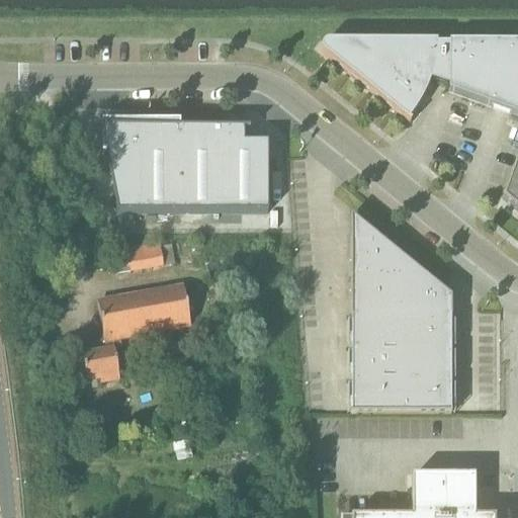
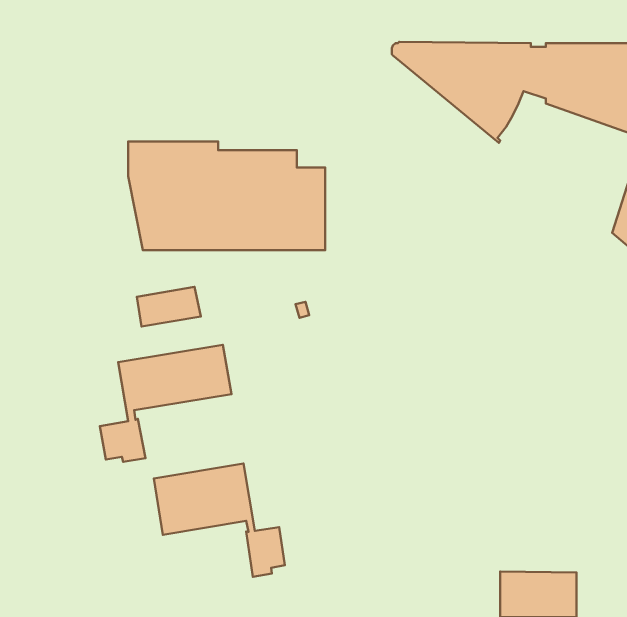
building: [352,208,452,407] -> none
building: none -> [154,463,285,577]

